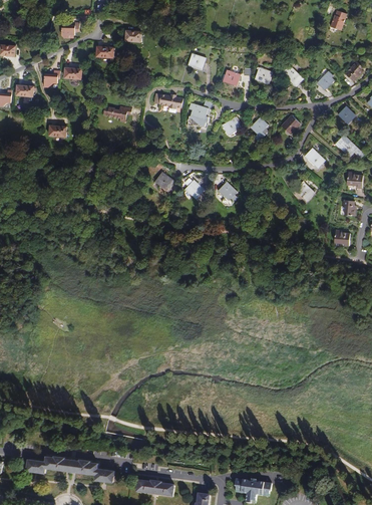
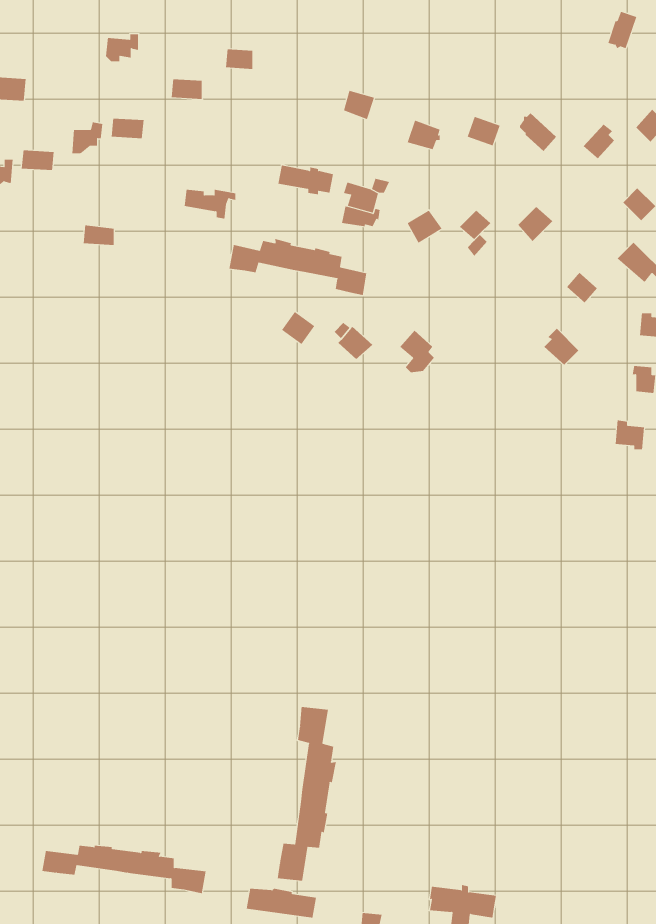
building: none -> [229,238,367,296]
building: none -> [277,706,336,881]

